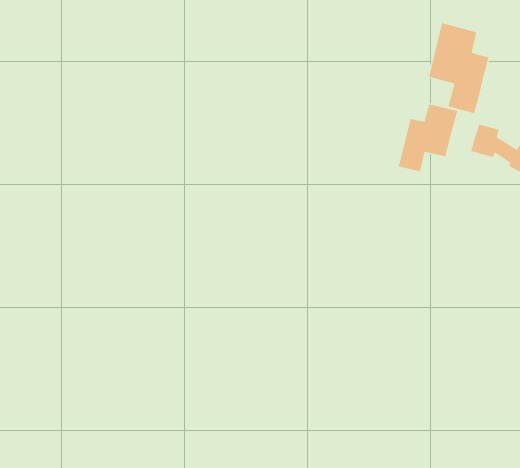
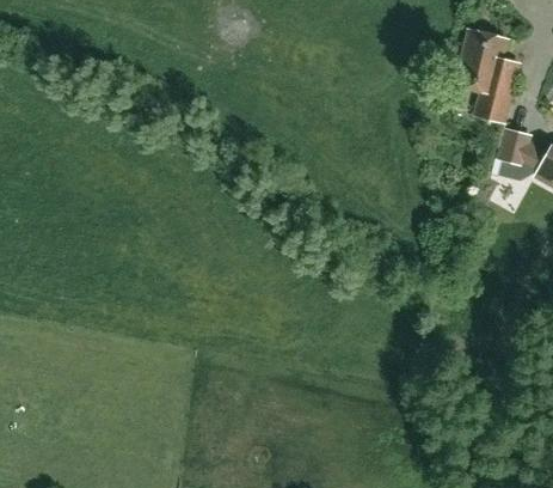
building: [398,104,458,172] -> none

